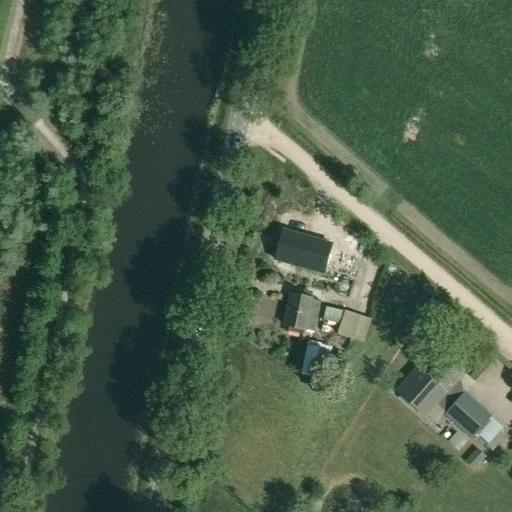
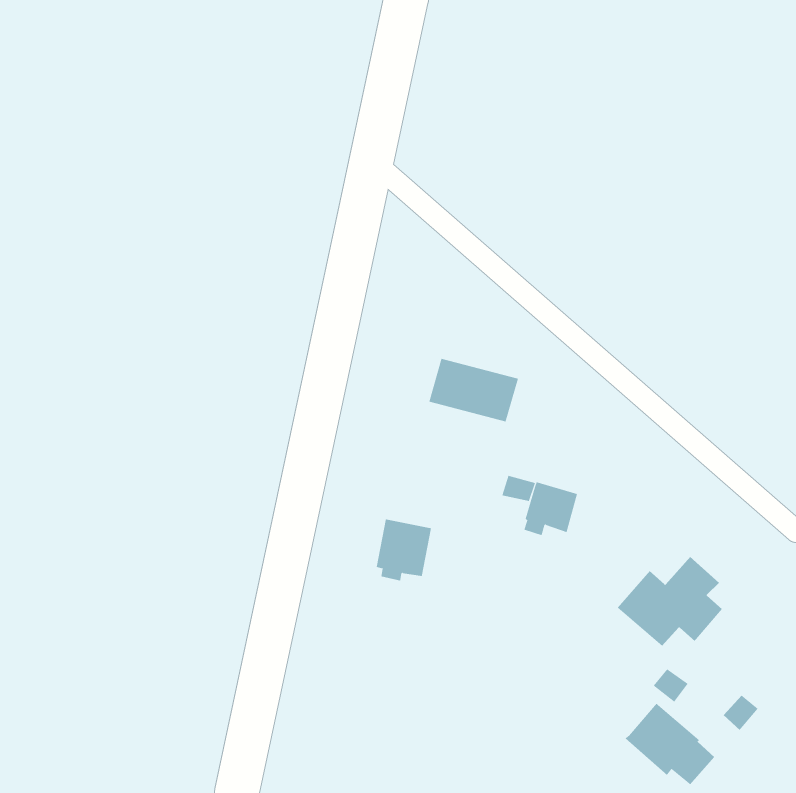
building: [284,293,320,333] -> [376,519,432,581]
building: [444,391,502,444] -> [625,703,715,785]

